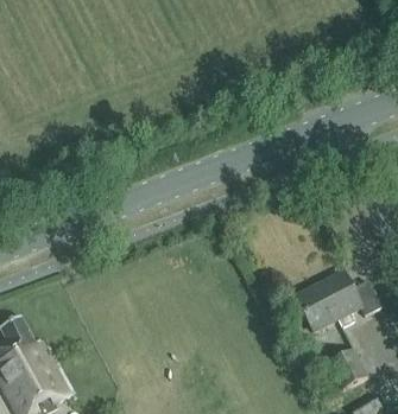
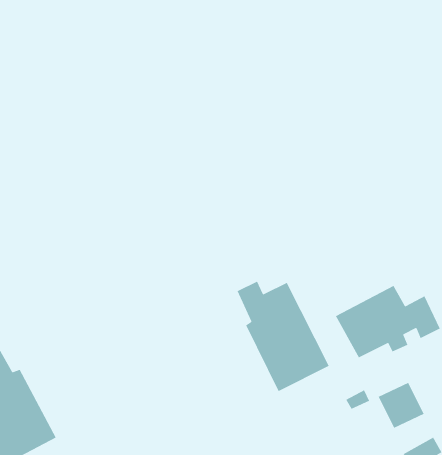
building: none -> [236,280,330,392]

